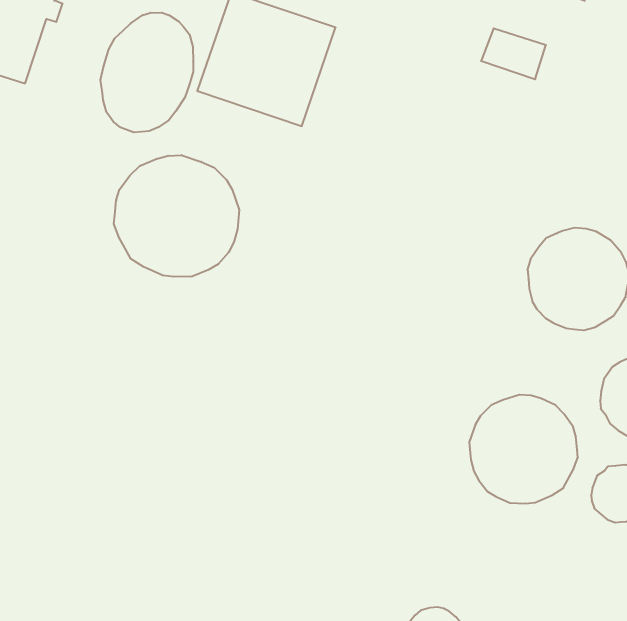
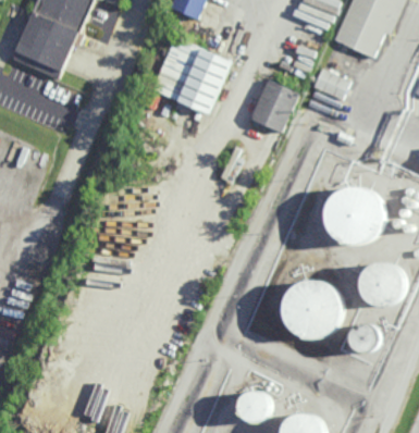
building: [101,13,193,132] -> none
building: none -> [248,78,298,134]
building: [114,155,239,277] -> none

